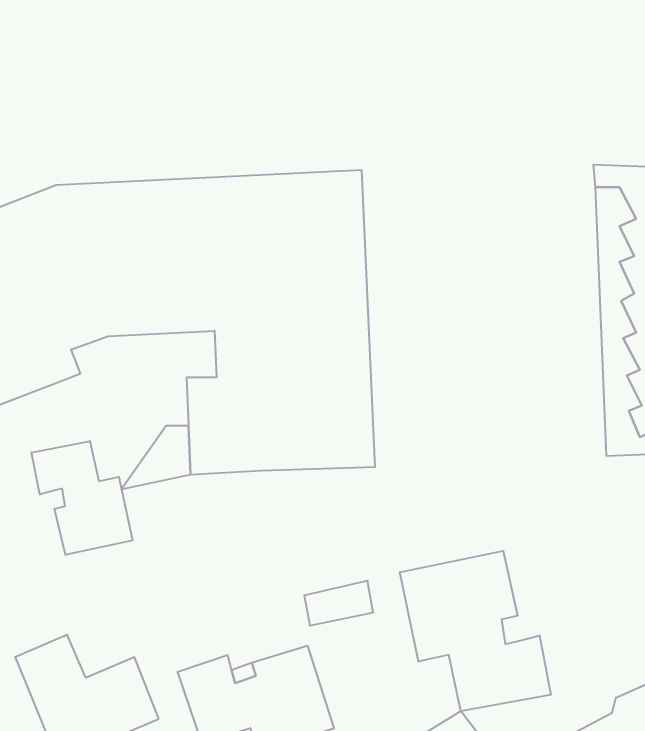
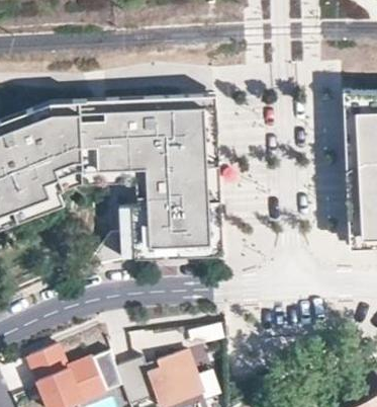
building: [31,441,132,555] -> none
building: [400,551,551,711] -> none

